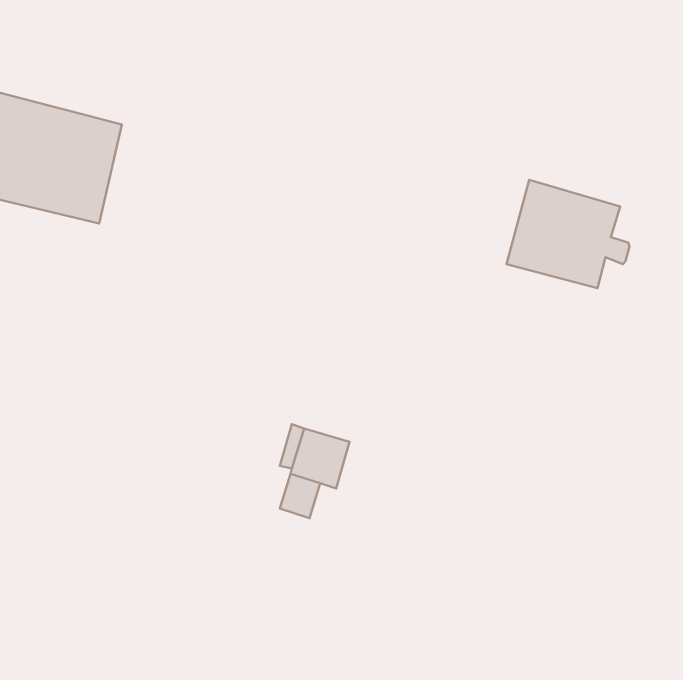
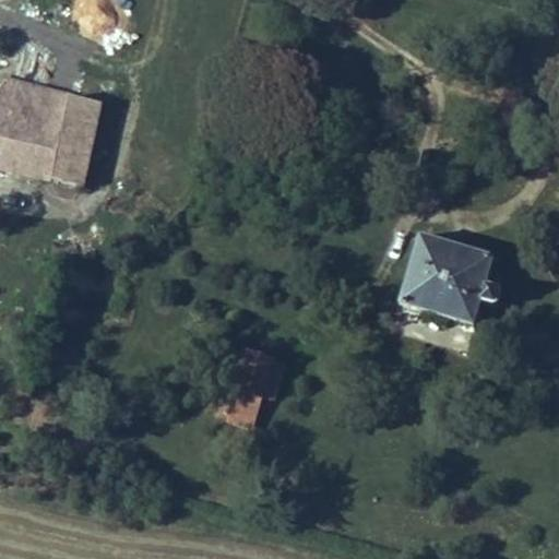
building: [506,180,630,288] -> [400,234,500,322]

